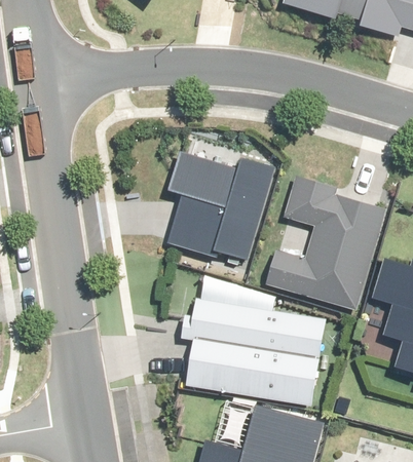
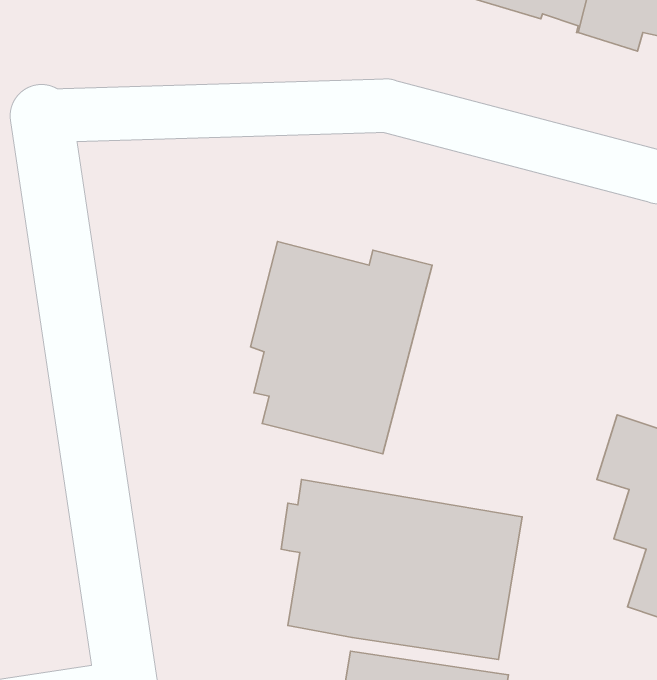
building: [266,181,385,310] -> none

